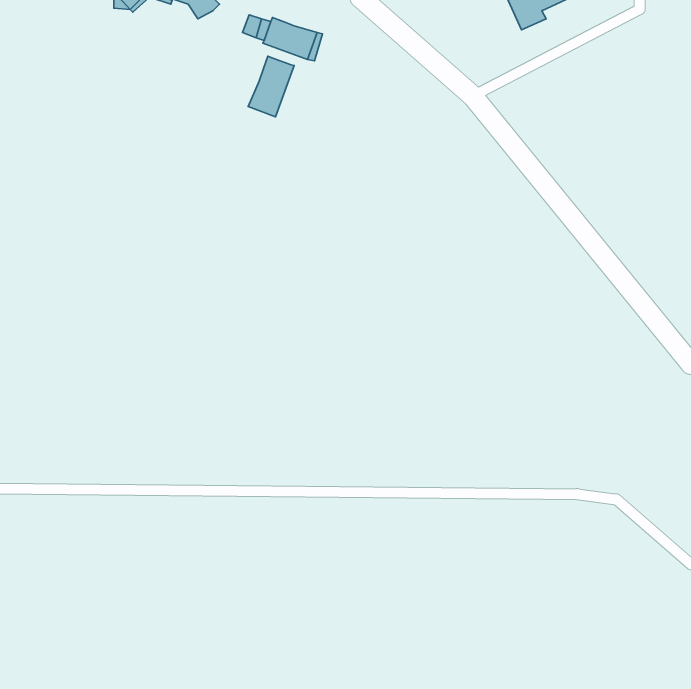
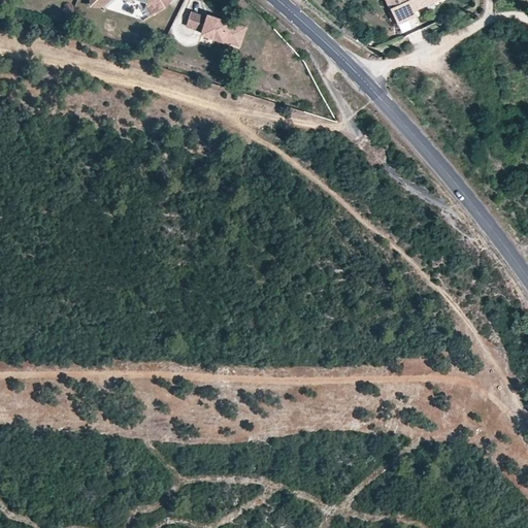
building: [248,56,294,117] -> none

